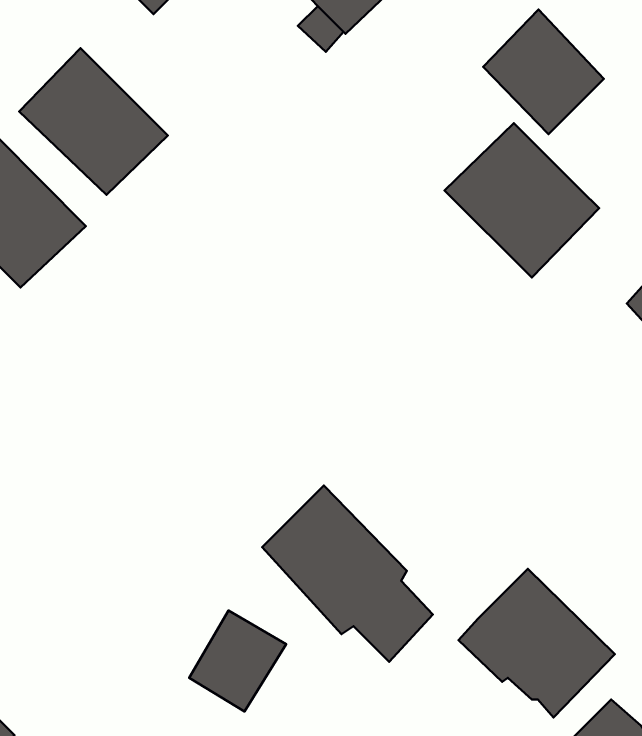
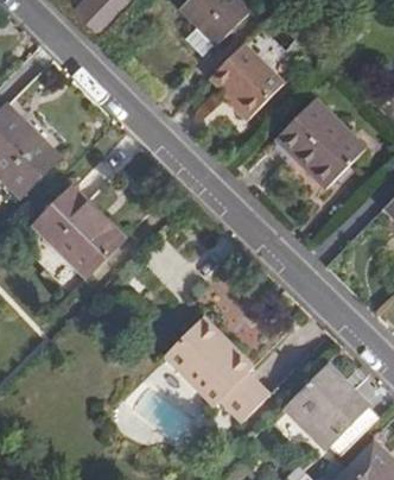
building: [483,9,604,134] -> [214,38,286,113]
building: [19,48,168,195] -> [33,187,122,274]

